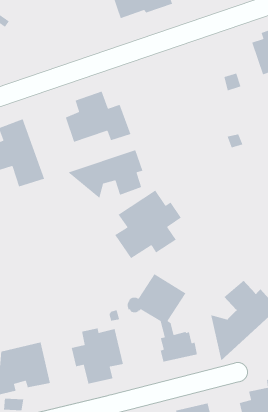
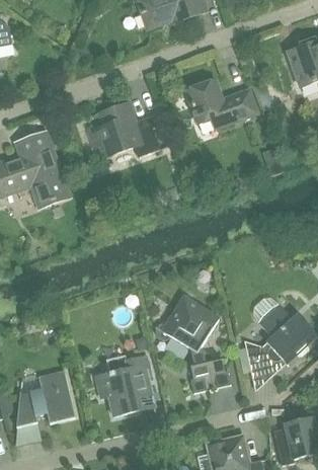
building: none -> [185,79,256,128]
building: [67,149,143,199] -> none
building: [114,189,182,259] -> none

